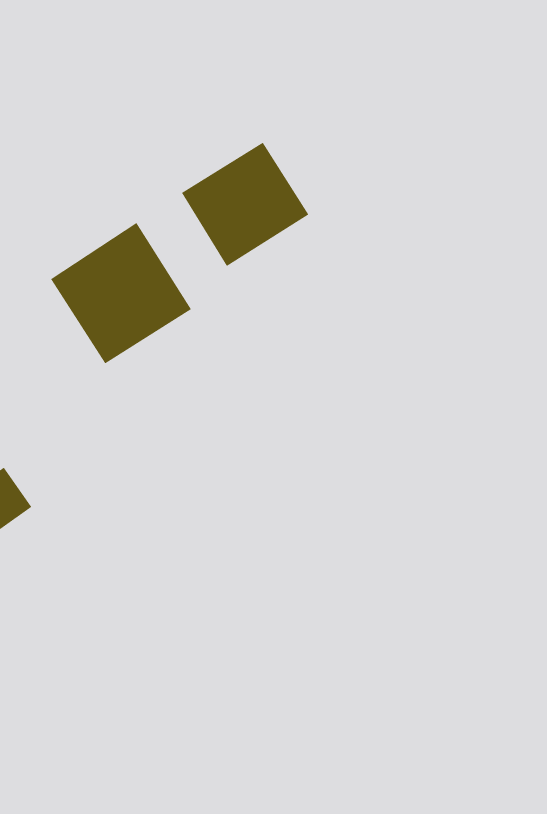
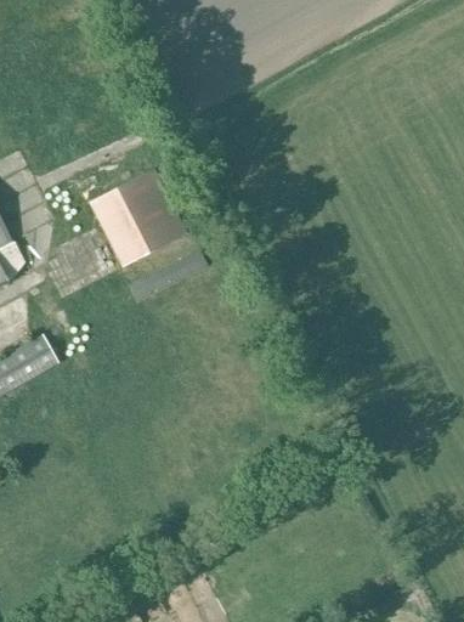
building: [181,142,309,267] -> none

